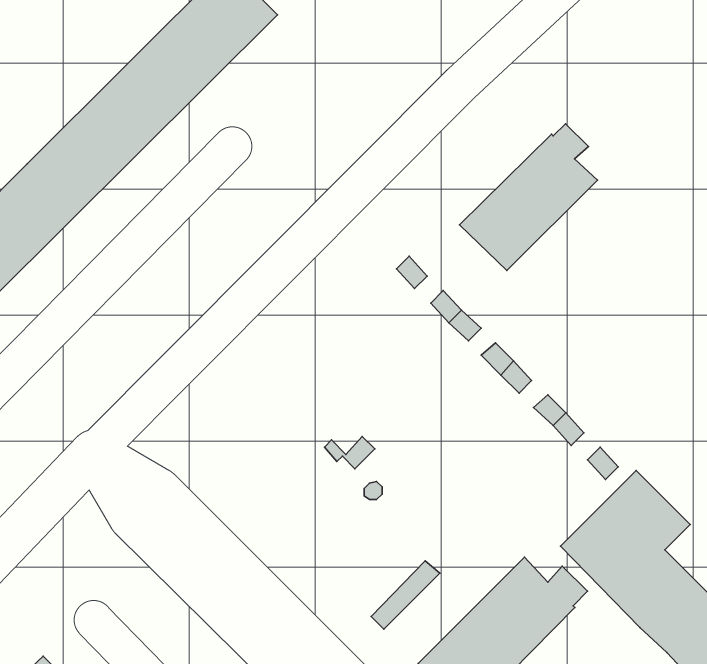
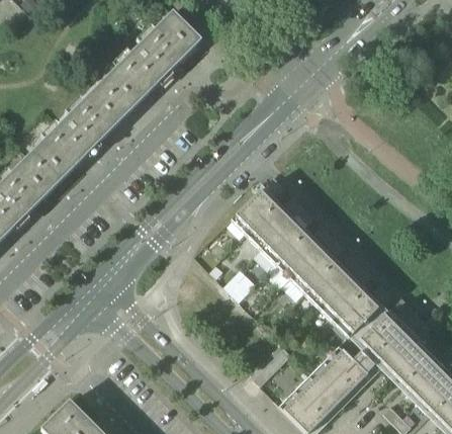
building: [459,124,597,271] -> none
building: none -> [232,188,378,335]

